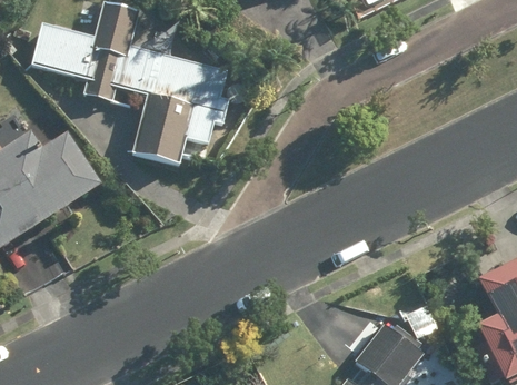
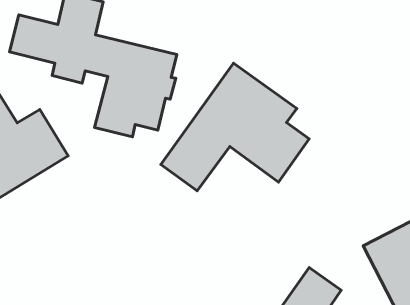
building: none -> [161,63,309,191]

